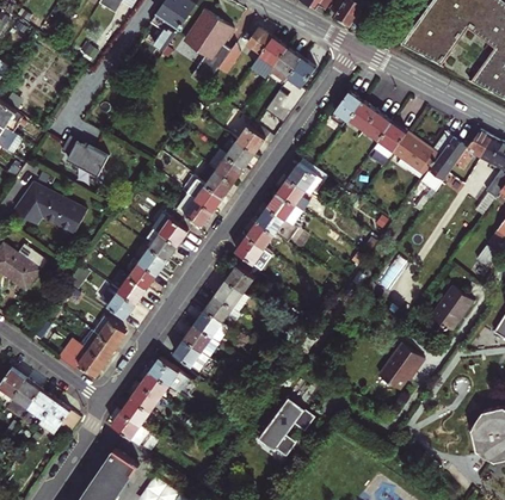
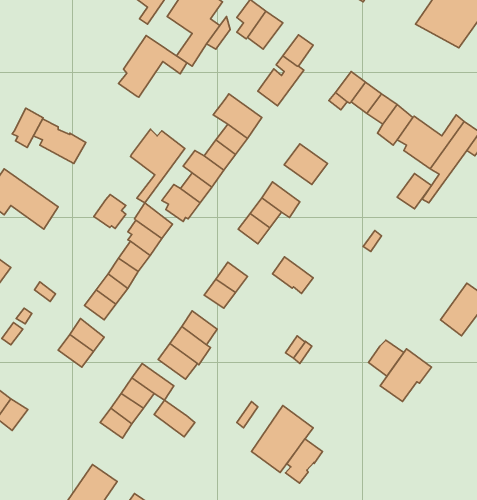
building: [269,48,301,82] -> none
building: none -> [119,36,187,97]
building: none -> [12,108,43,147]
building: none -> [130,129,185,203]
building: [277,177,313,210] -> none
building: none -> [397,173,432,209]
building: none -> [94,195,126,228]
building: [235,235,272,268] -> [273,257,313,294]
building: [204,295,240,327] -> none
building: none -> [369,340,404,376]
building: [72,345,104,376] -> none
building: [38,399,79,433] -> none
building: [111,411,148,444] -> [154,400,195,437]
building: none -> [286,439,322,483]

